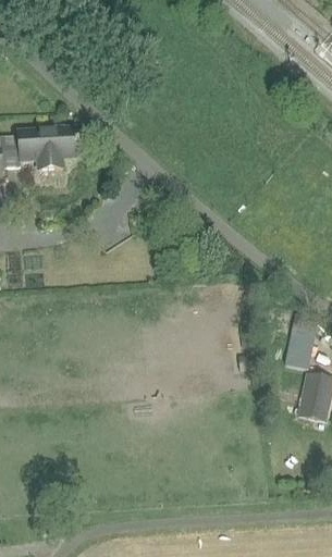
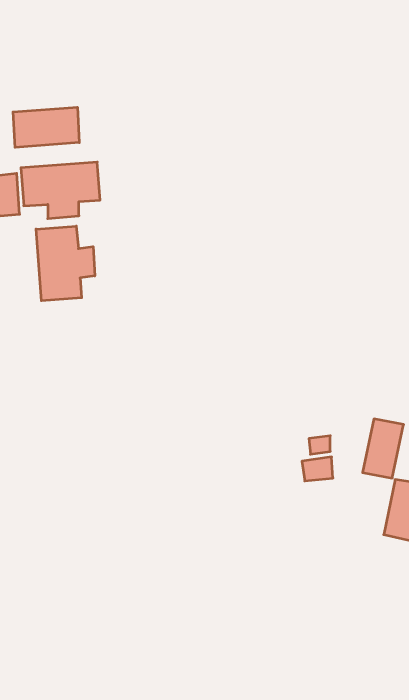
building: none -> [13,107,79,147]
building: none -> [36,226,95,301]

